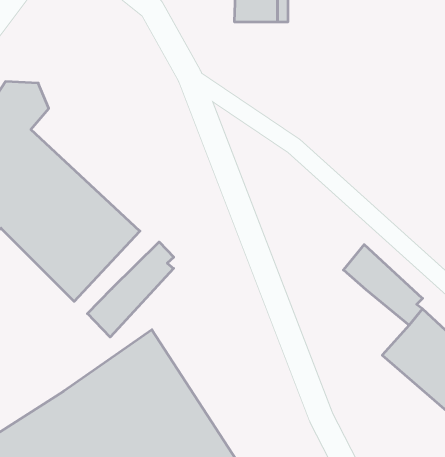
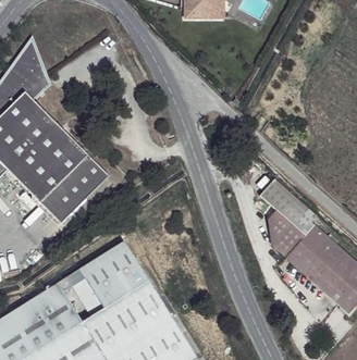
building: [87,242,174,337] -> none
building: none -> [268,212,307,260]

